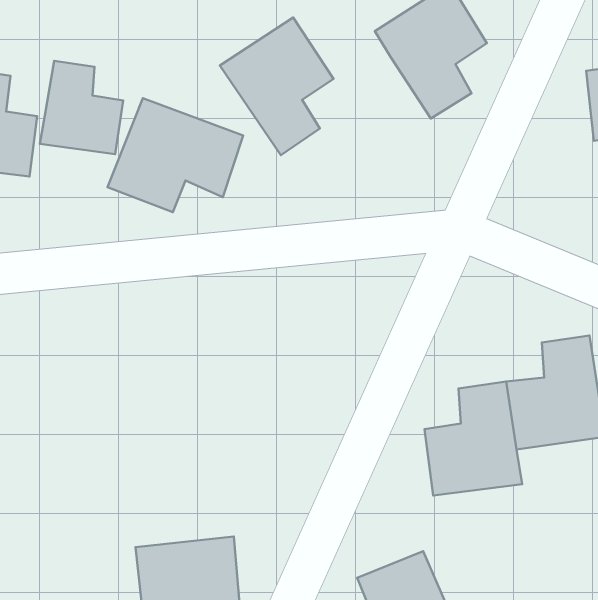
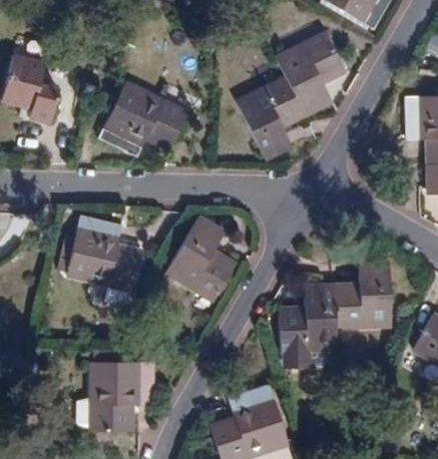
building: [220,17,334,155] -> [235,74,305,159]
building: [40,61,123,154] -> none
building: none -> [165,216,236,302]
building: none -> [67,215,142,291]

